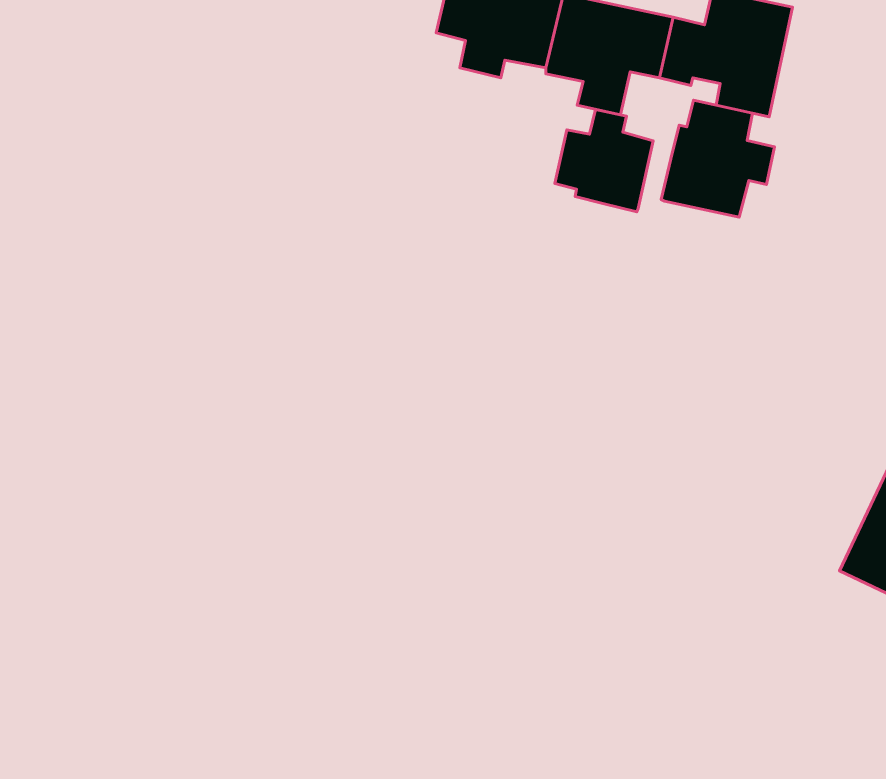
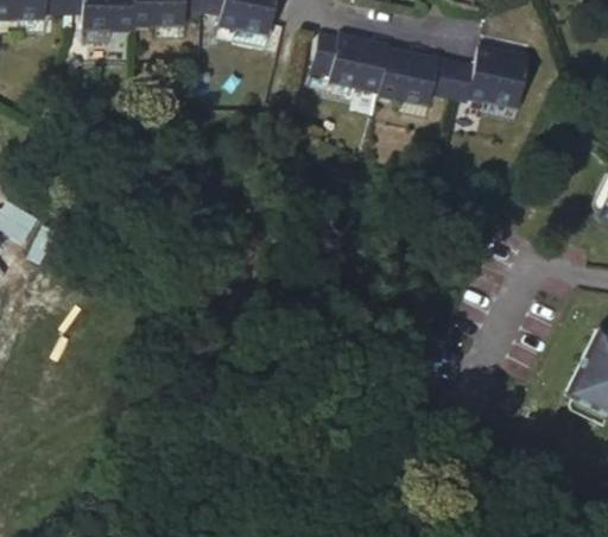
building: [661,100,774,217] -> none
building: [555,109,653,212] -> none

